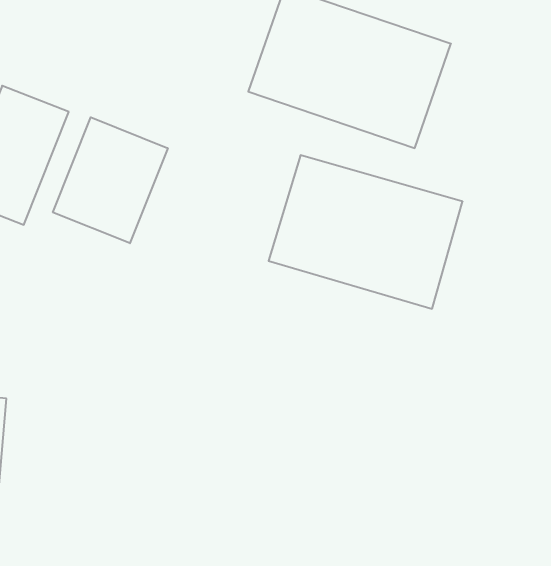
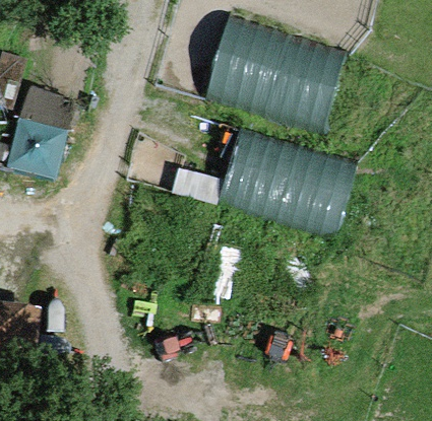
building: [53,117,168,243] -> none

